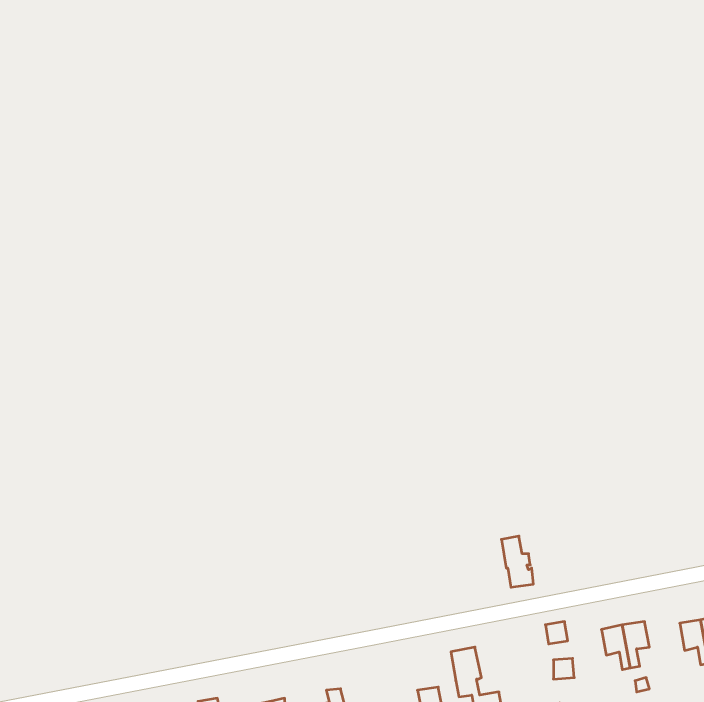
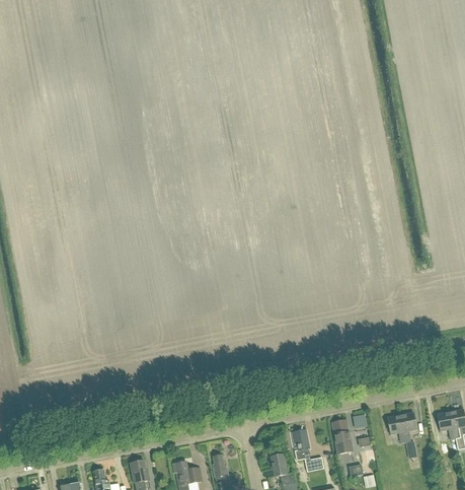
building: [501,536,533,587] -> [331,420,352,452]

